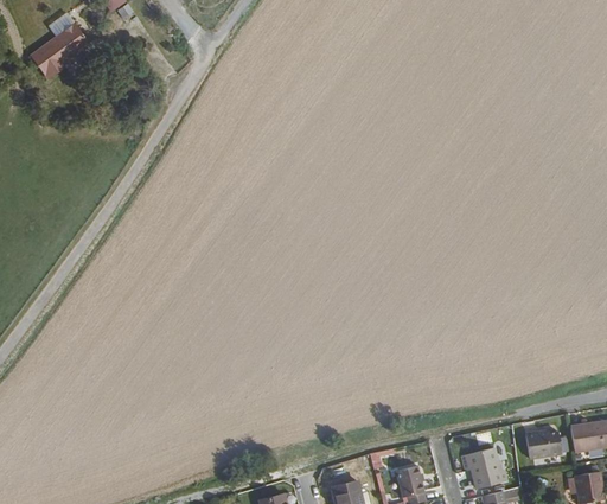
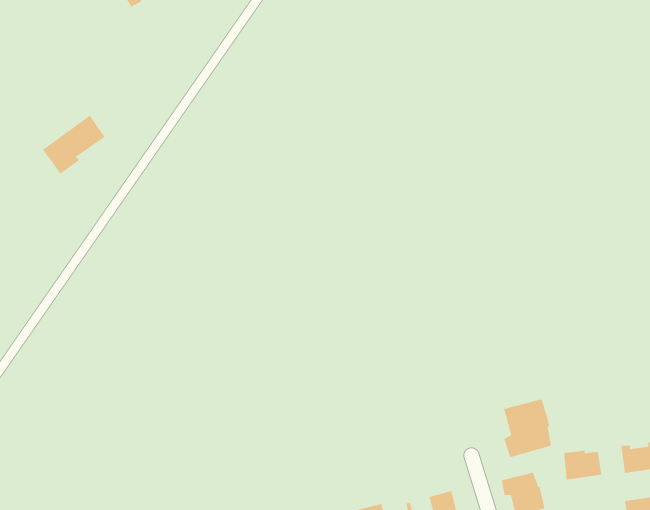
building: [28,30,87,84] -> [42,115,106,174]
building: none -> [503,399,551,458]

